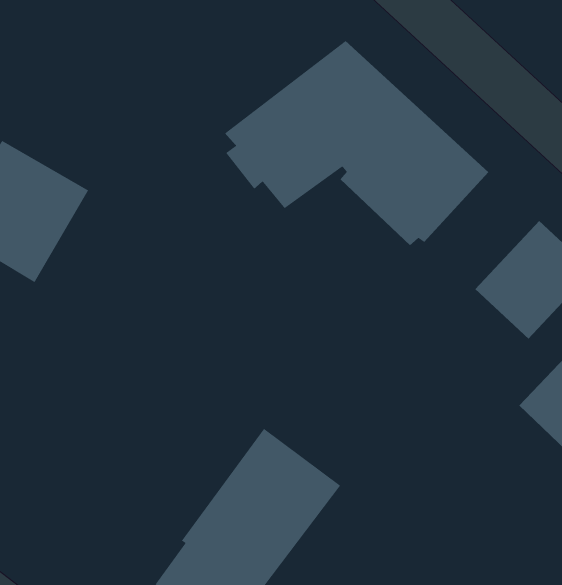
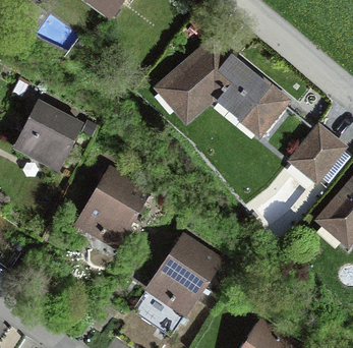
building: none -> [75,164,151,244]

